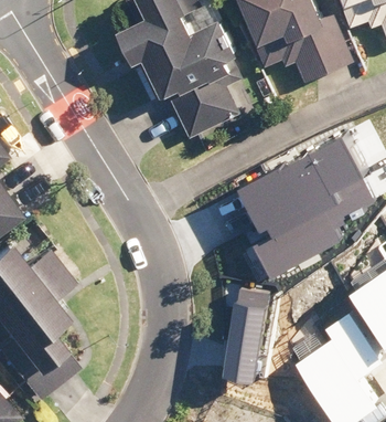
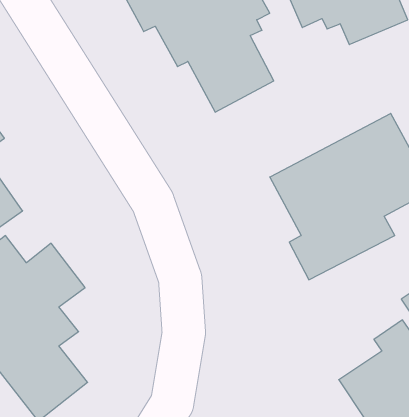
building: [222,287,270,383] -> none

